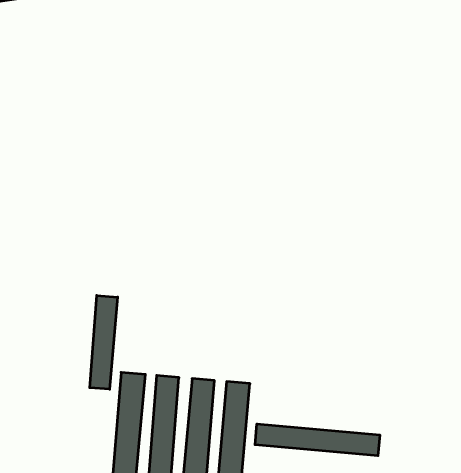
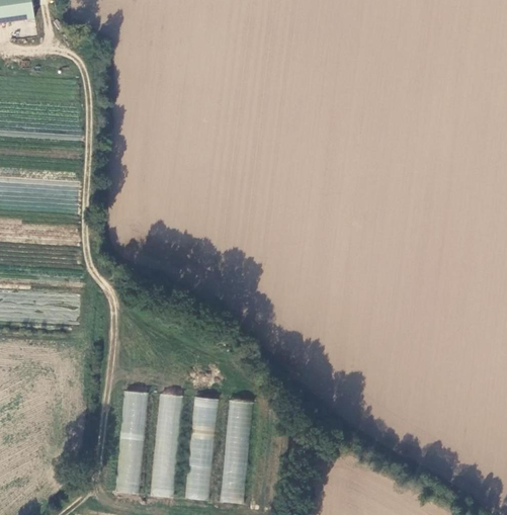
building: [90,295,118,389] -> none
building: [255,424,380,456] -> none

